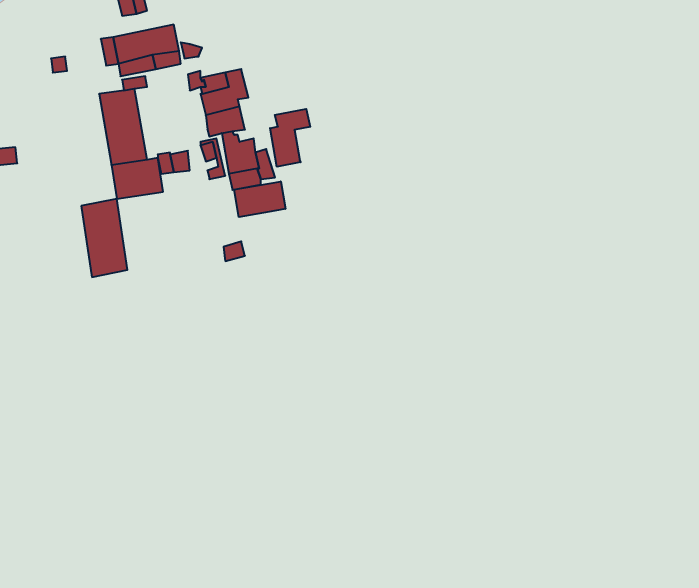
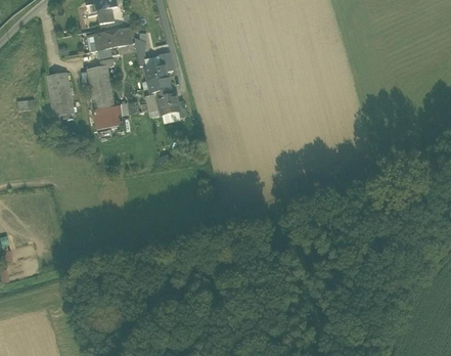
building: [270,109,310,167] -> none
building: [234,181,285,217] -> none
building: [81,199,127,277] -> [46,71,73,116]

